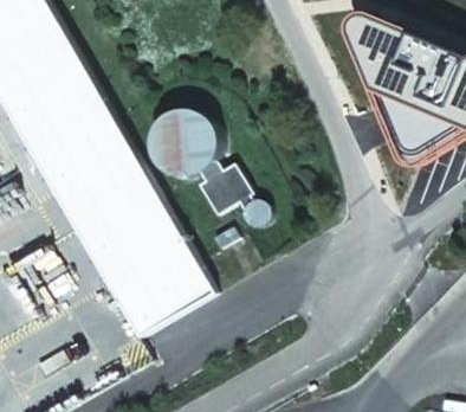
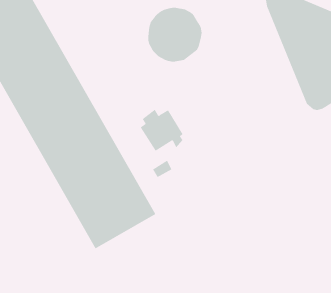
building: [148,109,216,178] -> [147,7,202,62]

